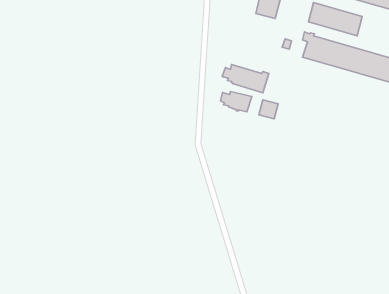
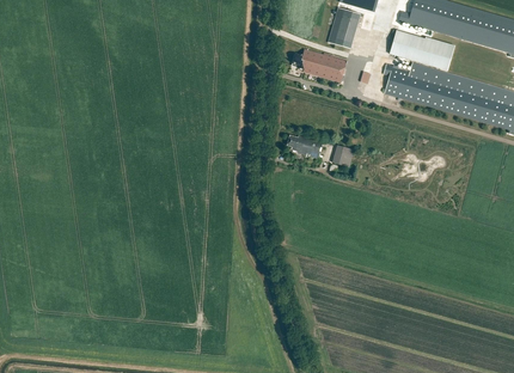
building: [222,64,269,93] -> [293,48,348,81]

